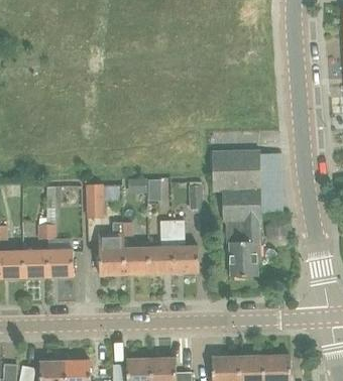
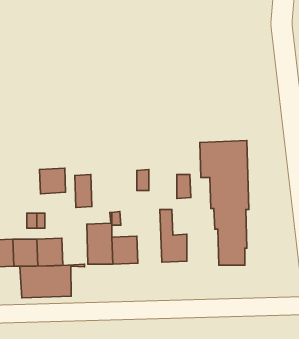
building: none -> [40,168,66,194]
building: [148,220,174,274] -> none
building: none -> [20,264,85,298]

